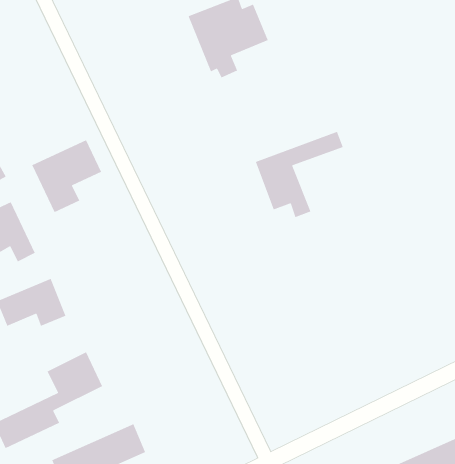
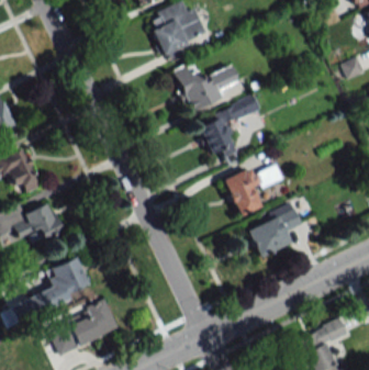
building: none -> [175,61,242,109]
building: [31,139,102,213] -> none
building: none -> [224,165,283,215]
building: none -> [248,210,302,256]

